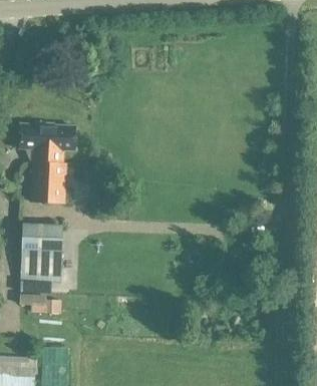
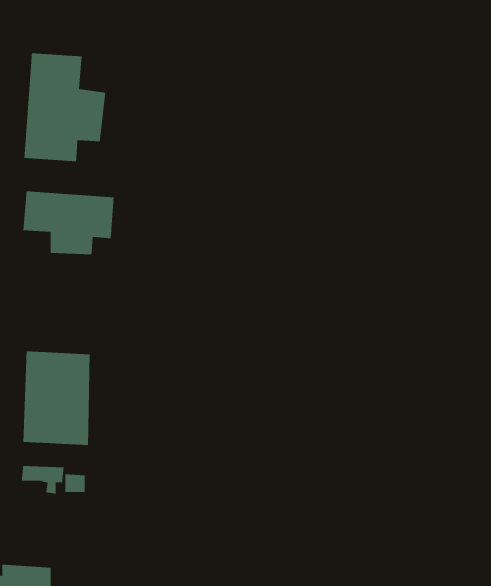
building: none -> [24,52,106,162]
building: [30,162,66,204] -> none

